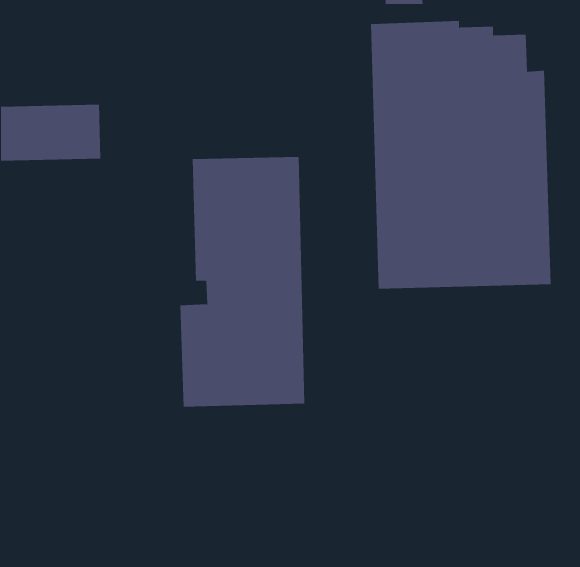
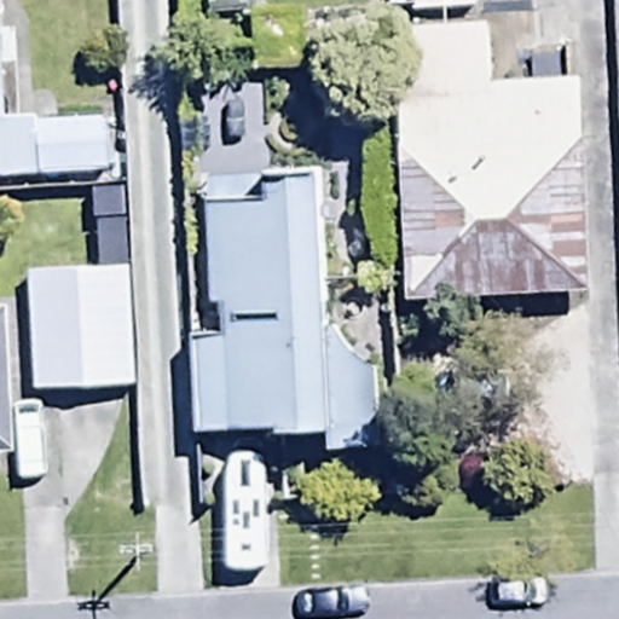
building: none -> [28,267,133,383]

